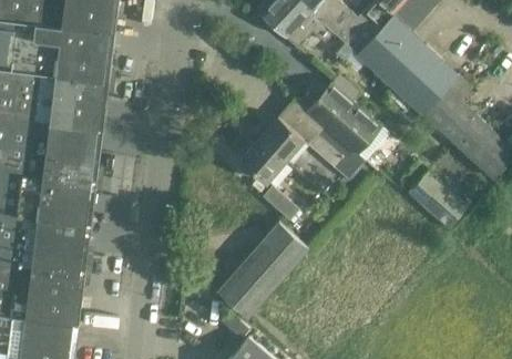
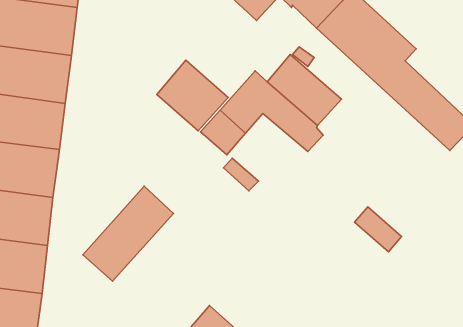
building: none -> [157,60,228,131]
building: [411,175,459,220] -> [355,207,402,252]
building: [216,222,308,318] -> [83,186,174,281]

